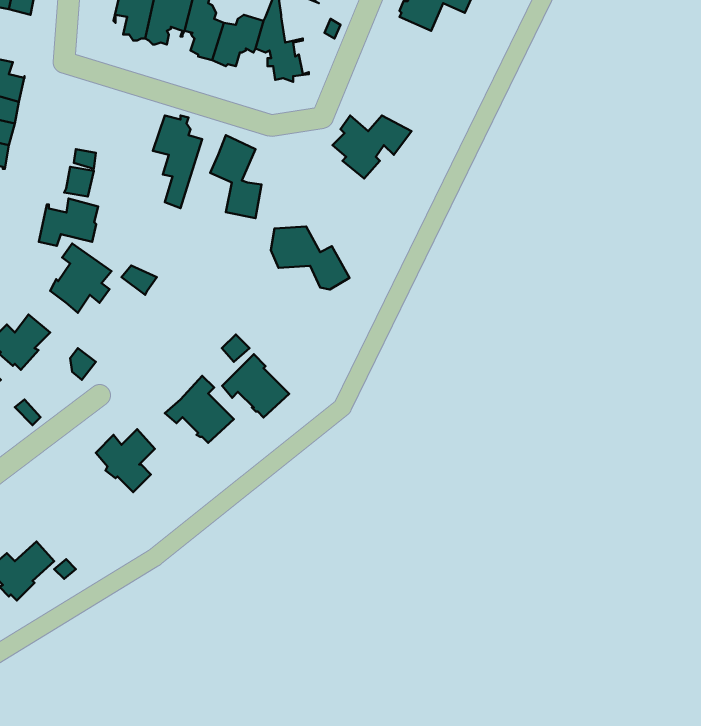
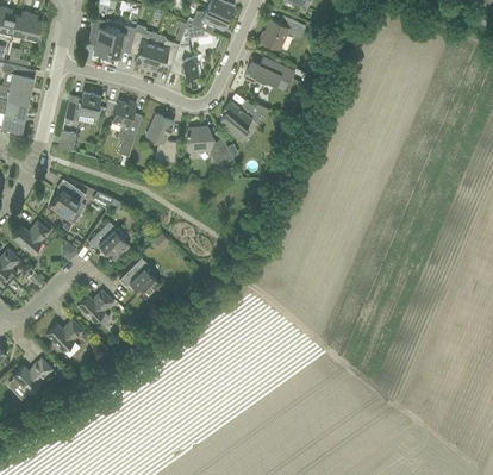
building: none -> [244,56,295,87]
building: [39,199,98,246] -> [65,90,101,119]
building: [271,227,350,290] -> [186,126,233,164]
building: [222,354,289,417] -> [89,221,130,260]
building: none -> [46,318,83,357]

